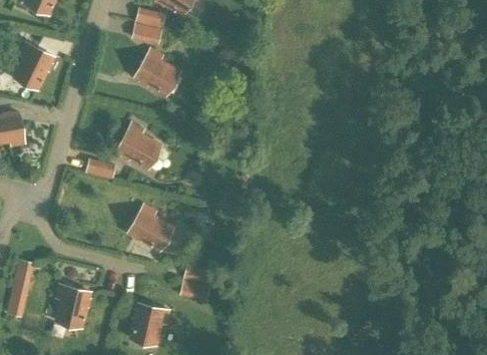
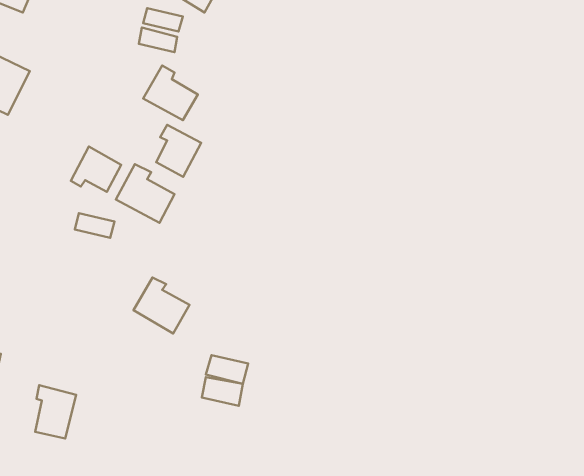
building: none -> [156,125,201,177]
building: none -> [71,147,121,192]
building: [130,304,167,345] -> none

